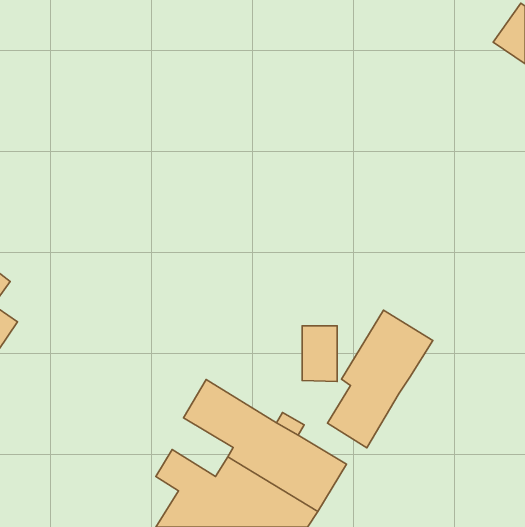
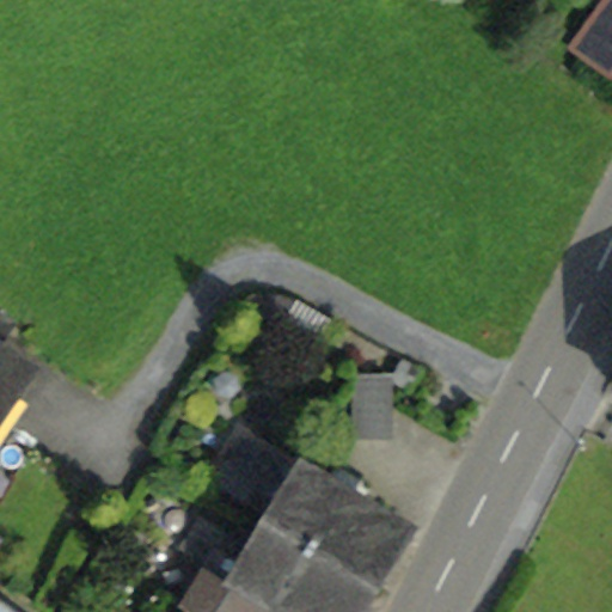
building: [327,310,433,448] -> none

